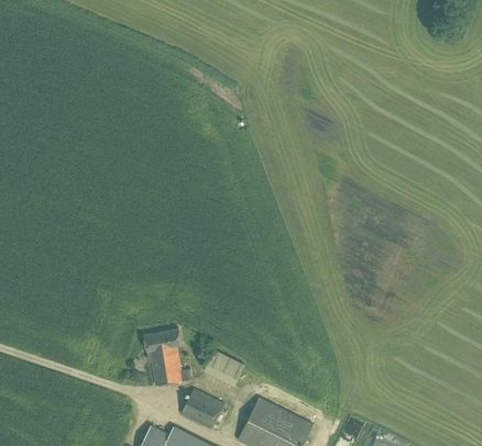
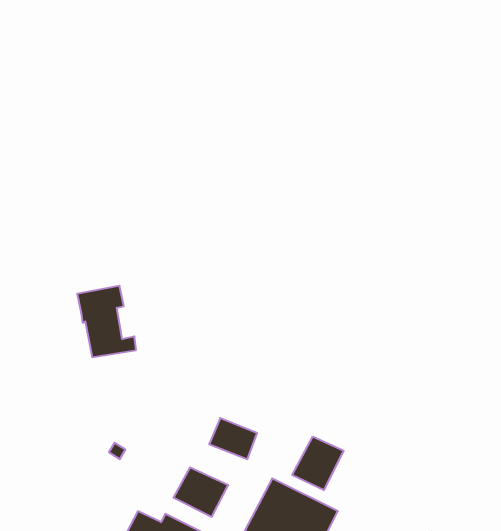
building: [143,328,190,386] -> [77,286,136,357]
building: none -> [292,437,344,490]

